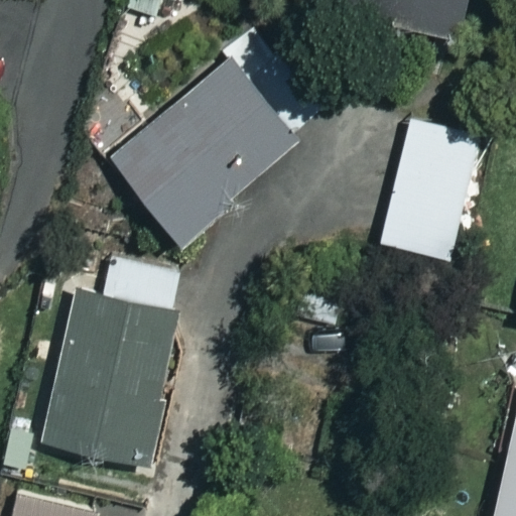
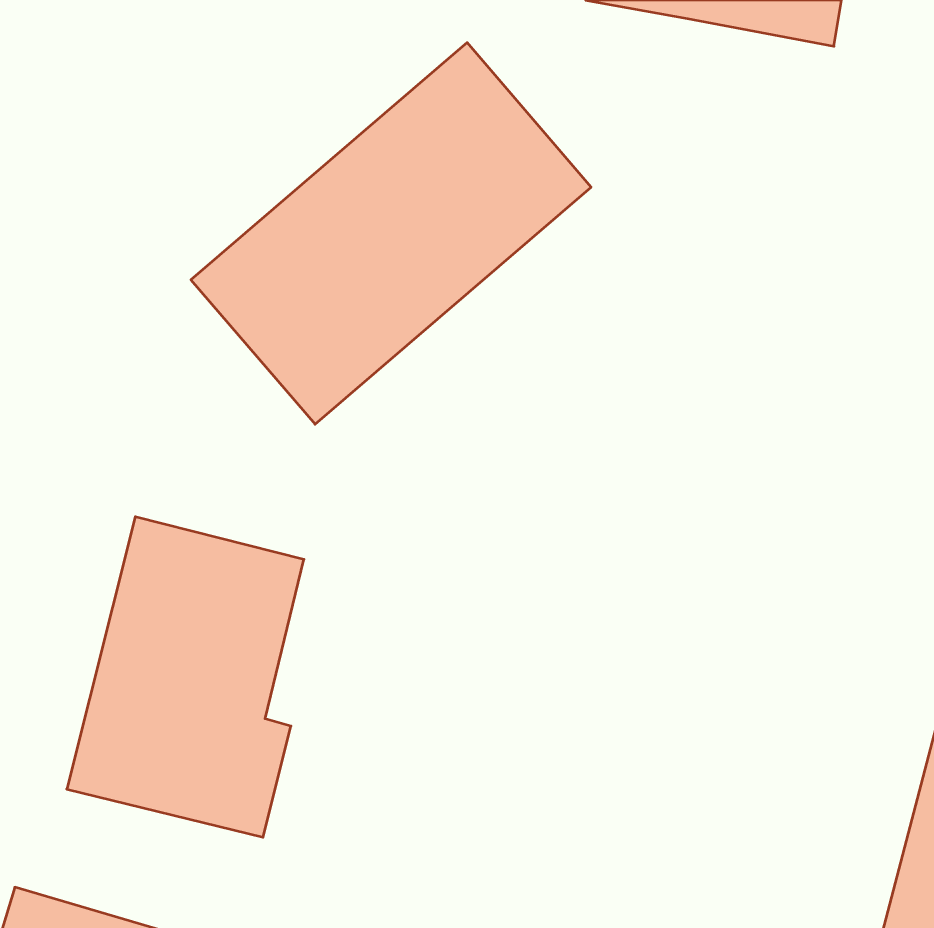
building: [377,121,482,260] -> none

